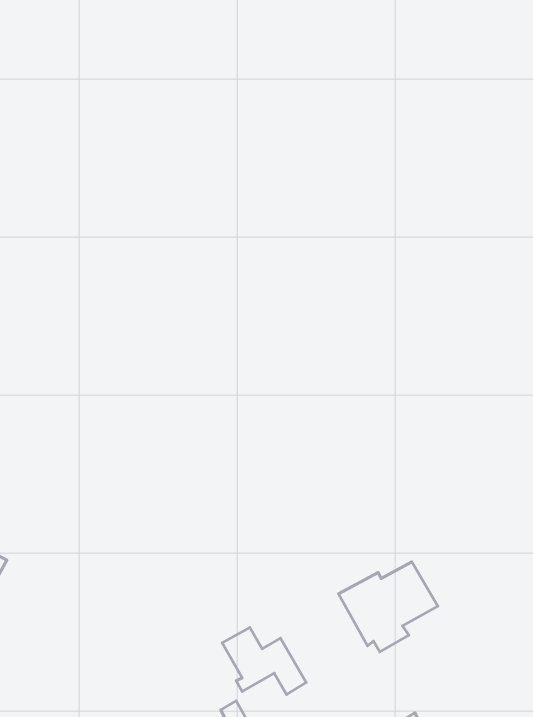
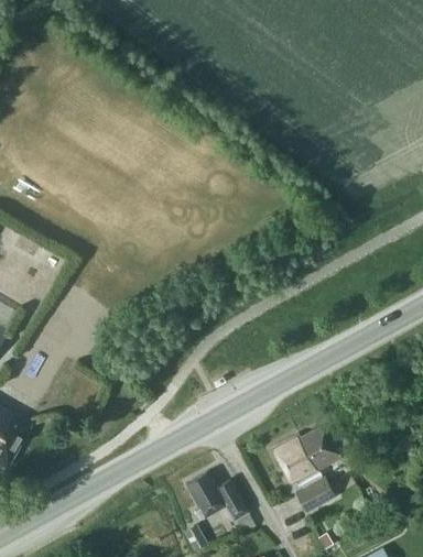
building: none -> [295,478,336,514]

